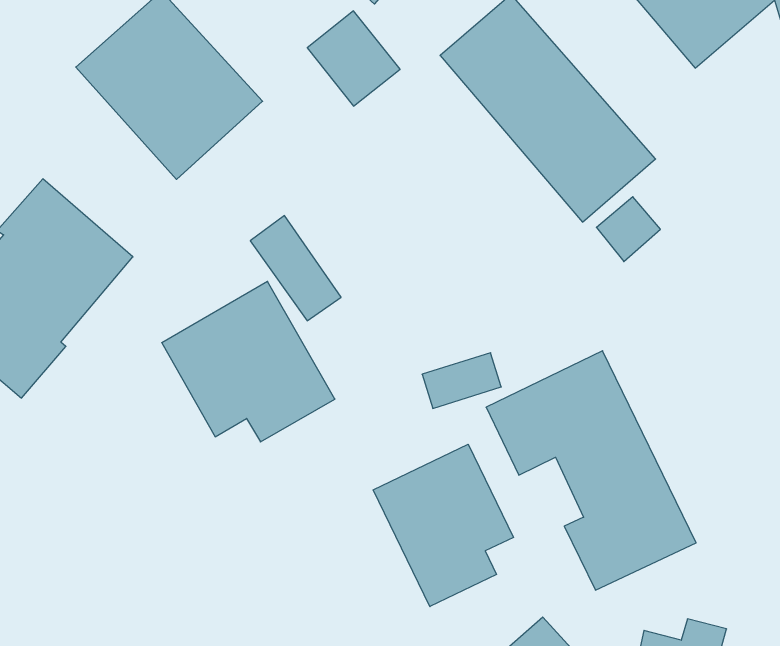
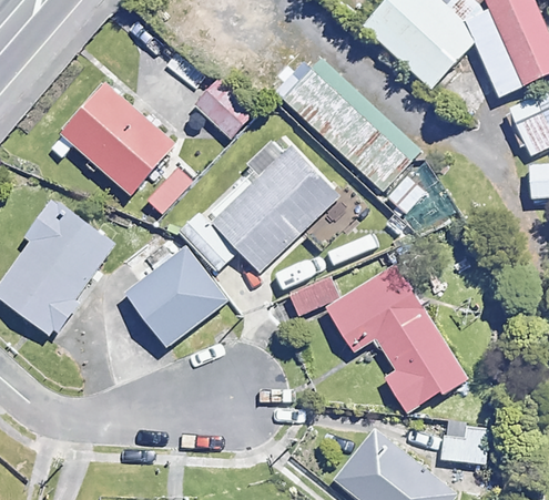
building: none -> [202,146,338,271]
building: [373,444,514,607] -> none

